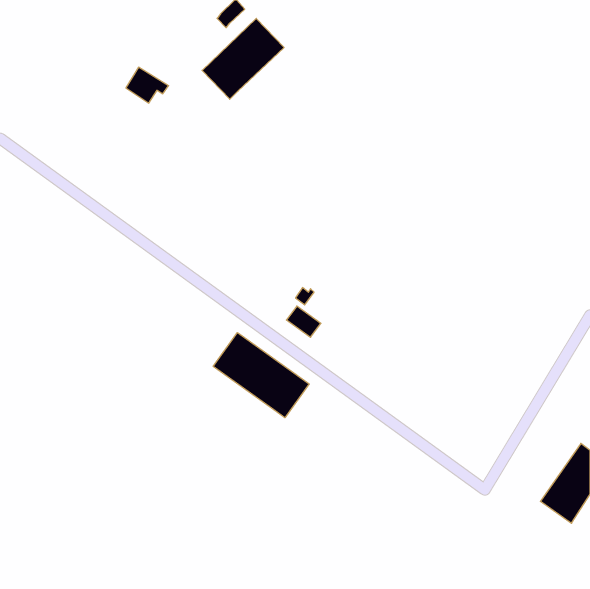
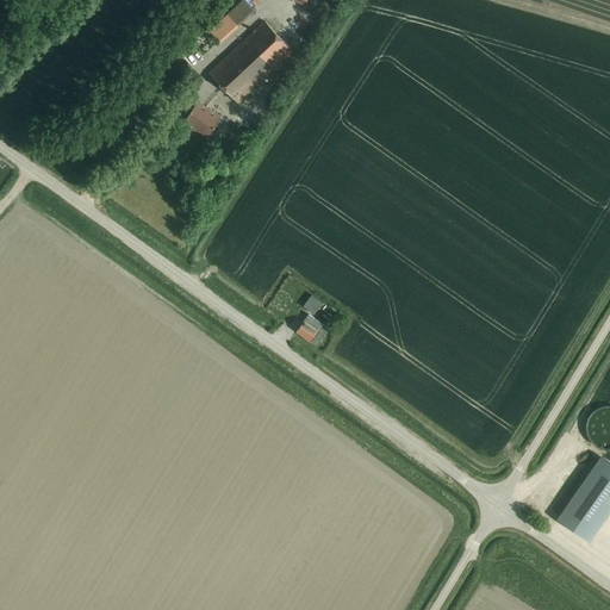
building: [126,67,169,103] -> [183,102,228,139]
building: [213,333,309,418] -> none

